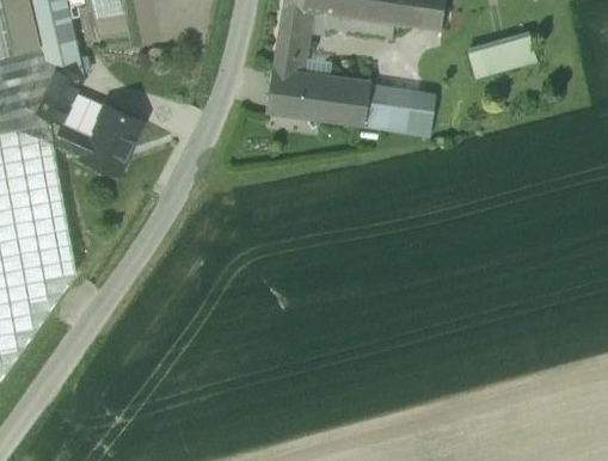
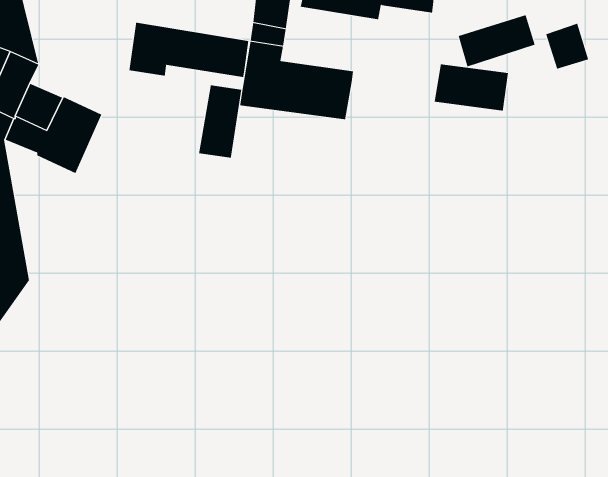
building: none -> [129,22,249,78]
building: none -> [545,23,589,70]
building: [362,92,430,135] -> [434,64,509,111]
building: none -> [198,84,242,158]

